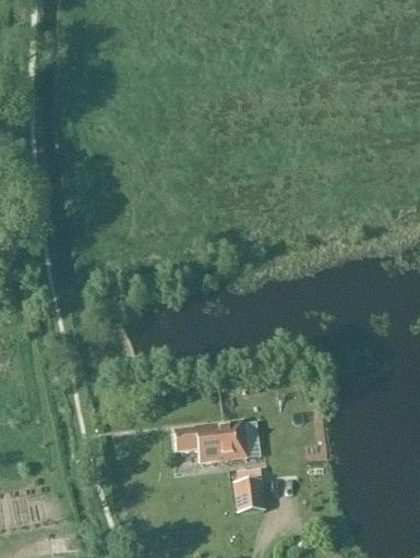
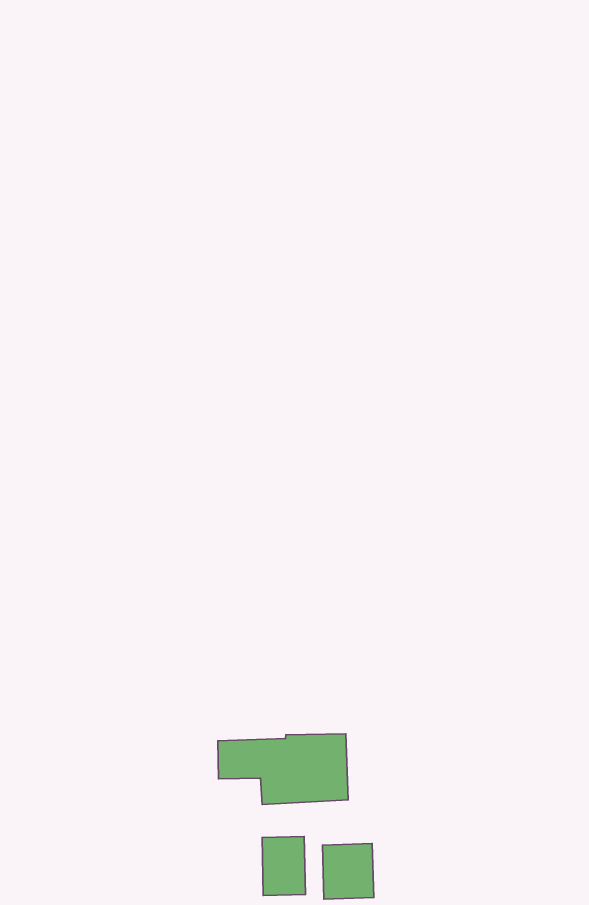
building: none -> [262,836,305,896]

